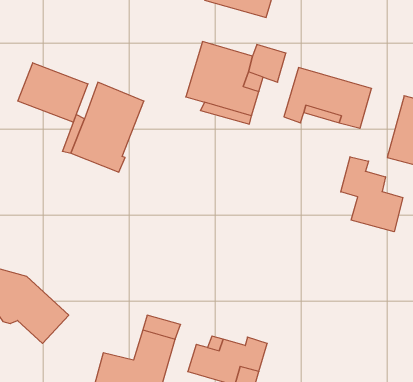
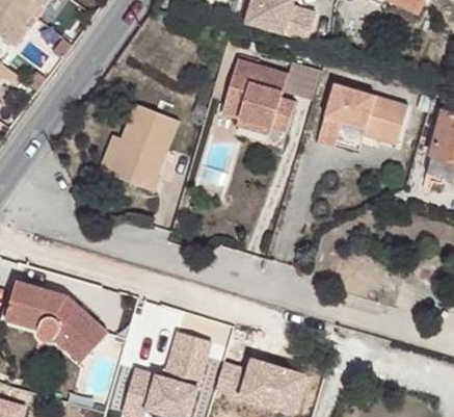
building: [18,63,88,122] -> none
building: [341,157,403,232] -> none

